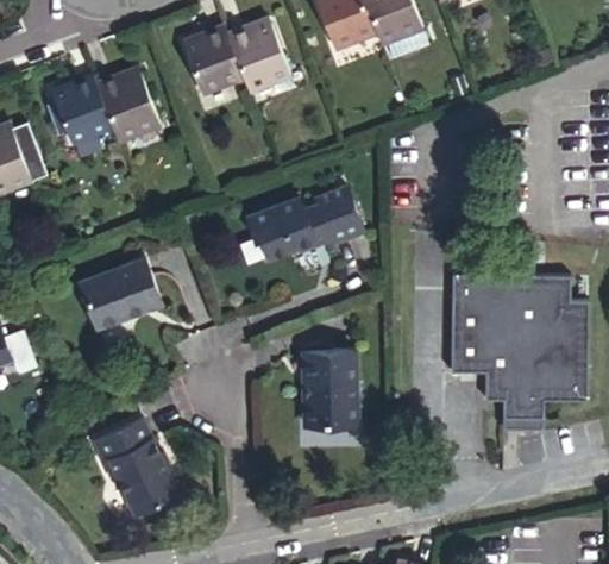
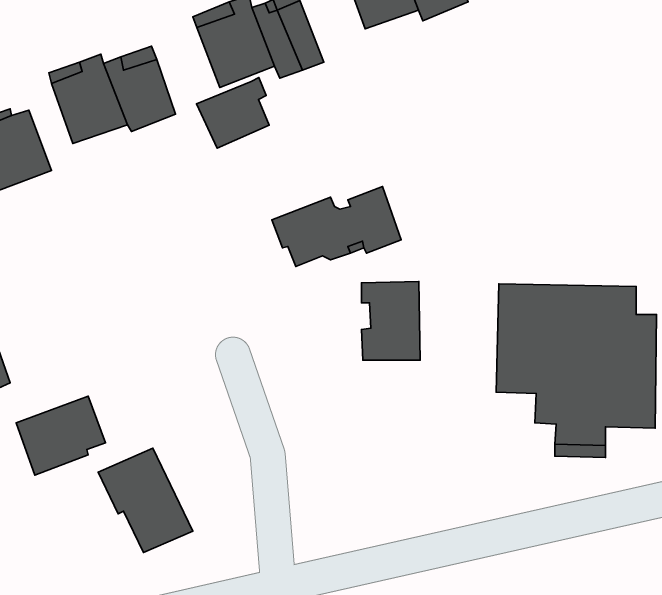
building: none -> [197,78,269,148]
building: [80,259,159,330] -> [16,396,106,475]
building: [296,352,349,422] -> [362,281,420,360]

